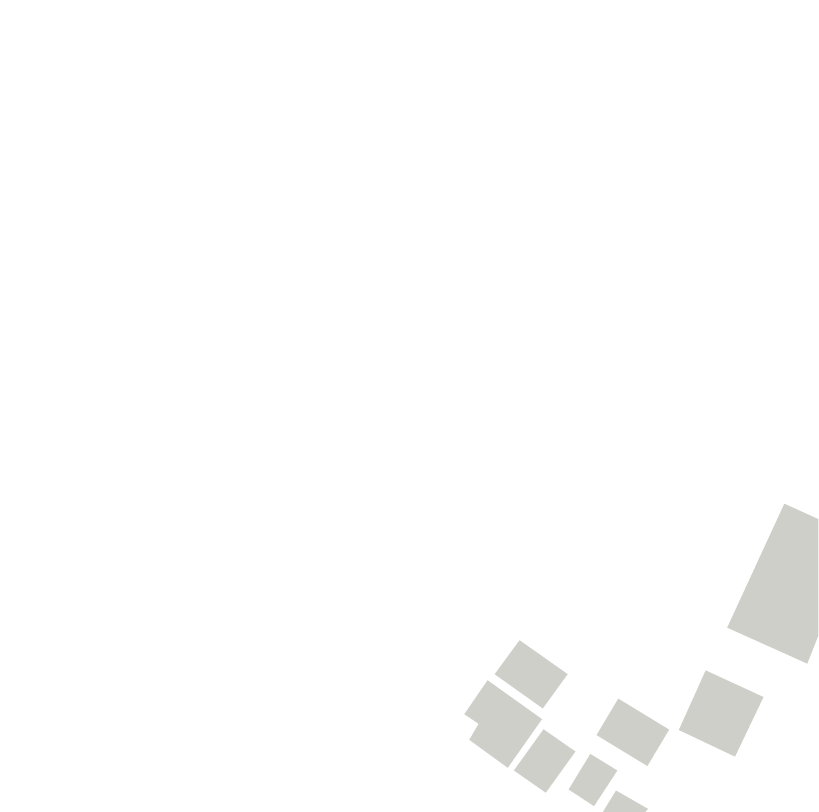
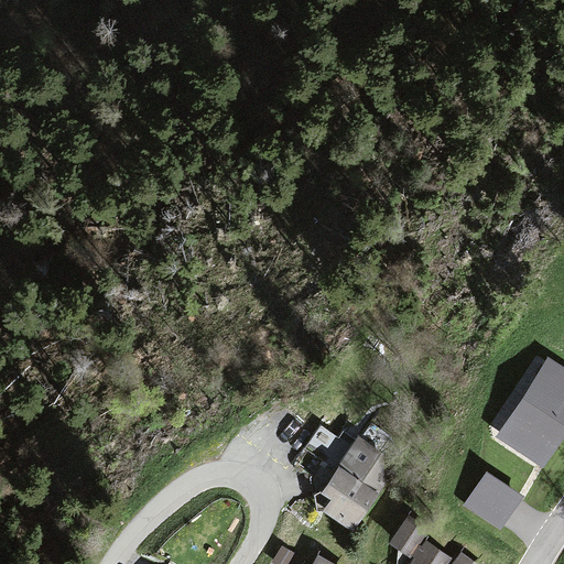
building: [596,697,670,767] -> none
building: [513,728,576,794] -> none

